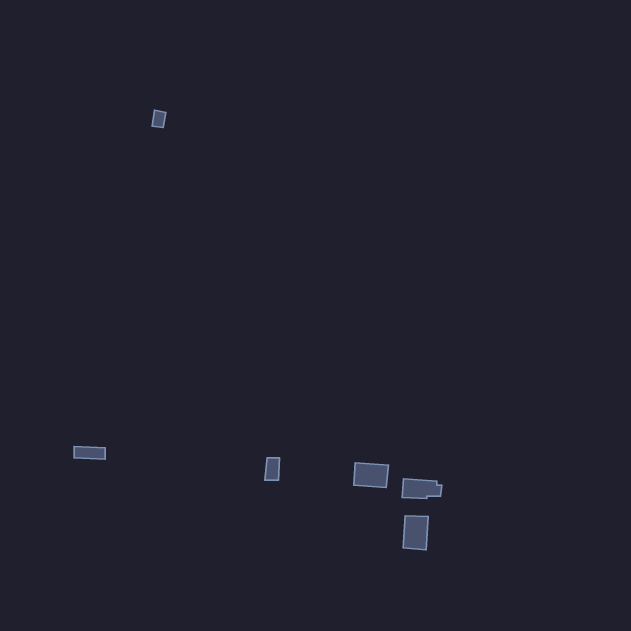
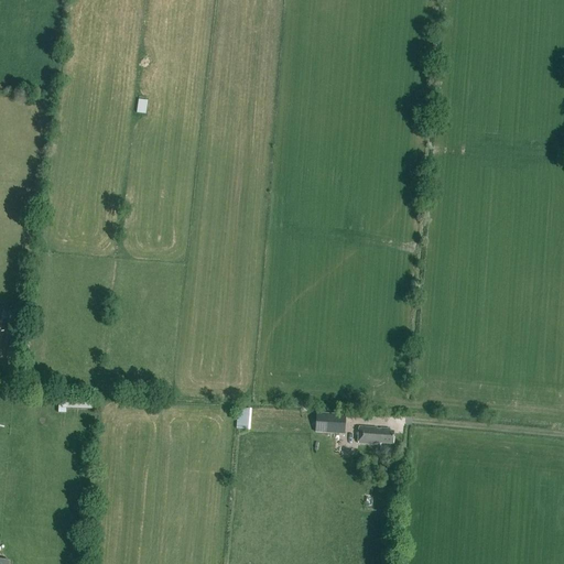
building: [403,516,428,550] -> none

